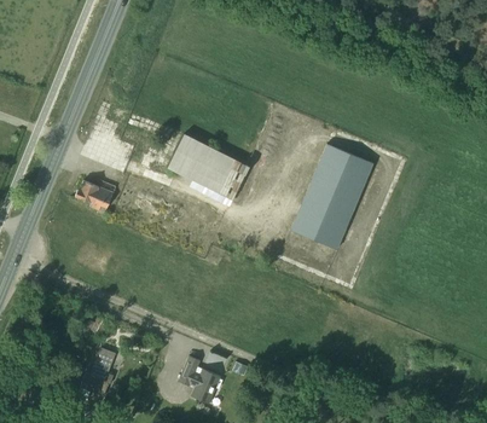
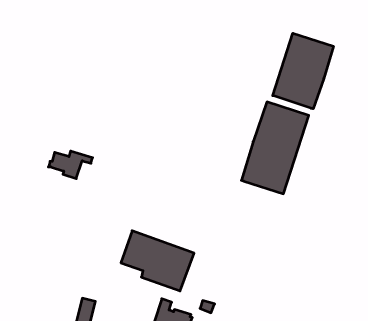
building: none -> [273,33,333,109]
building: [168,133,251,205] -> [121,231,194,291]

